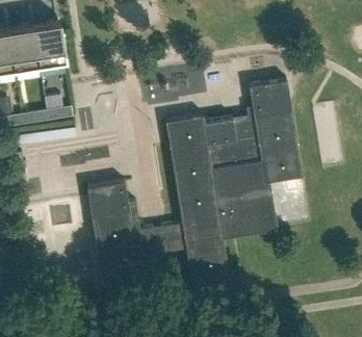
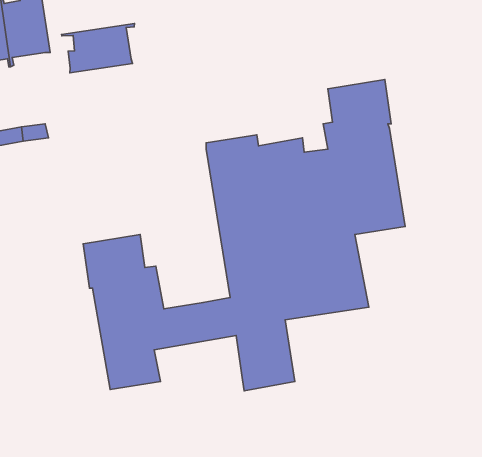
building: none -> [61,23,135,73]

